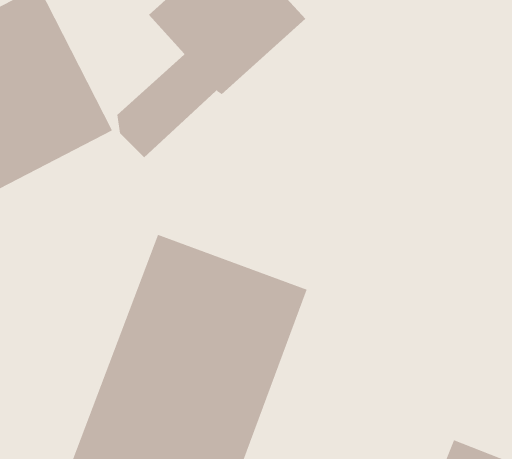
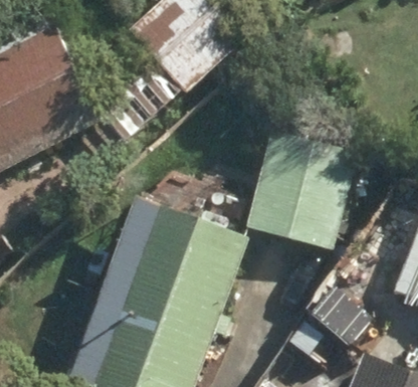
building: none -> [247,131,356,247]

